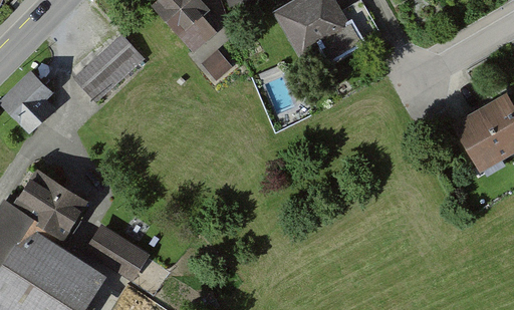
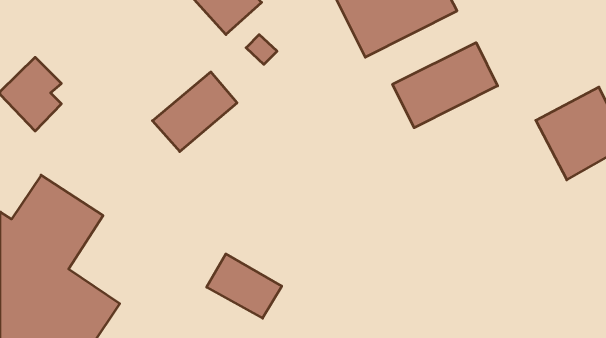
building: [76,33,148,100] -> [152,72,237,152]
building: none -> [393,43,498,128]
building: [85,224,149,278] -> [207,254,282,318]

